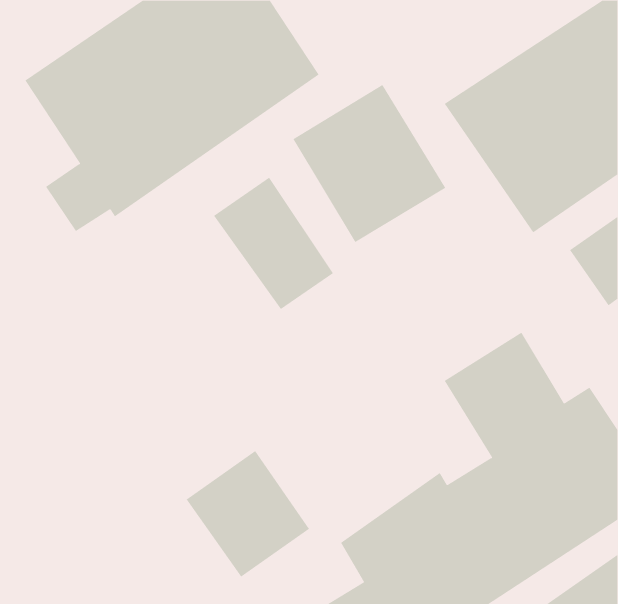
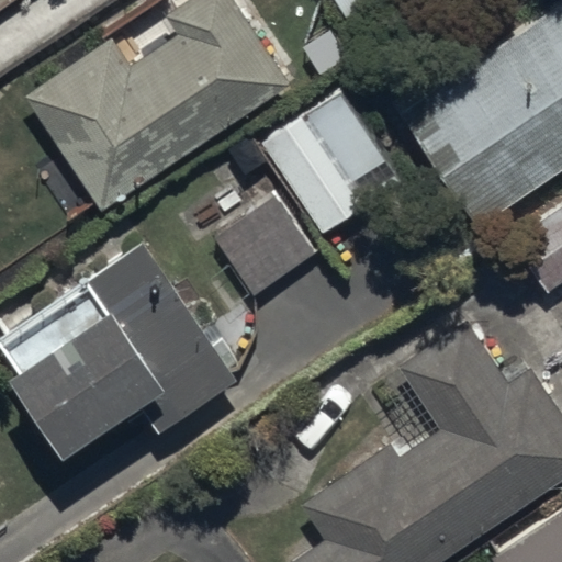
building: none -> [18,240,237,438]
building: [186,450,310,577] -> none

